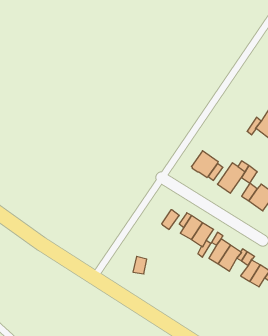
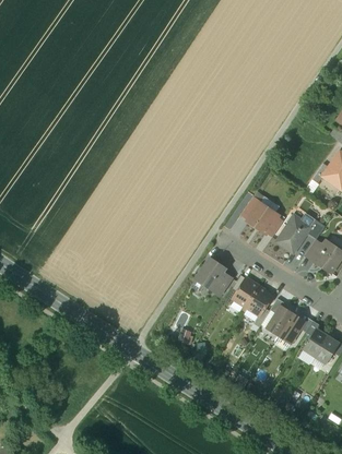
building: none -> [197,258,225,289]

